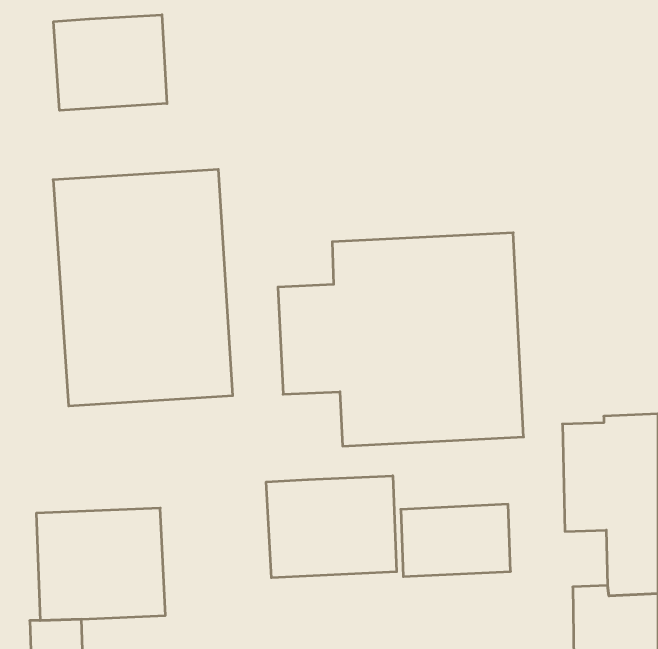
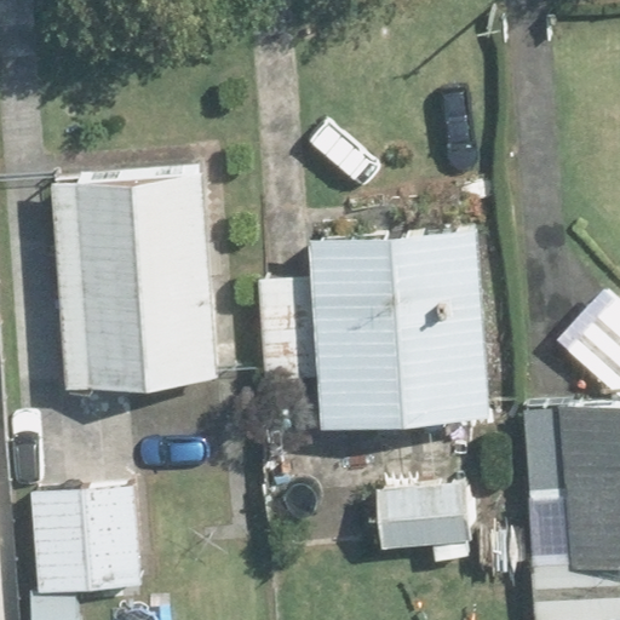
building: [54,15,167,110] -> none
building: [266,476,397,578] -> none

